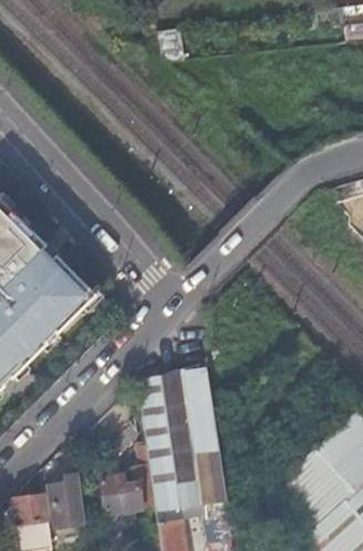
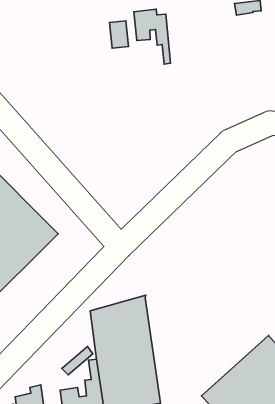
building: none -> [134,9,170,64]

